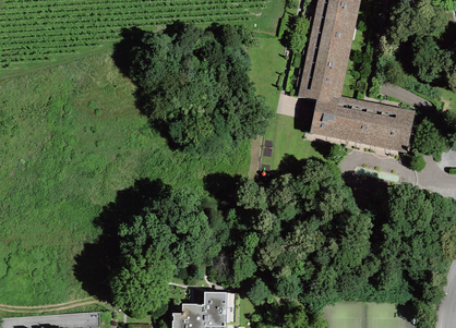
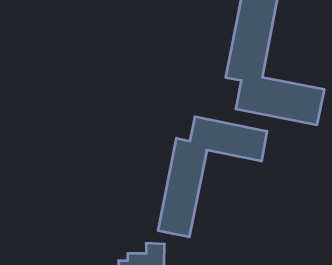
building: none -> [158,117,267,237]

